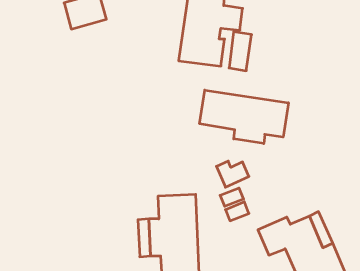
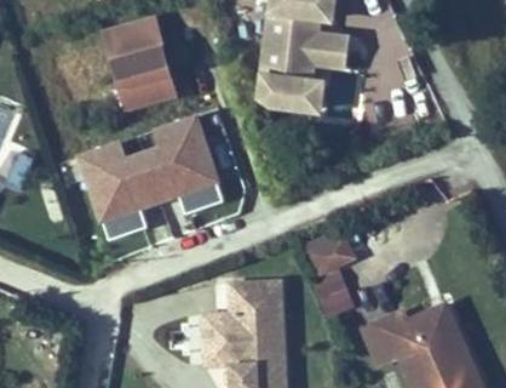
building: none -> [114,47,174,108]
building: none -> [76,108,224,240]
building: [200,90,288,144] -> none

